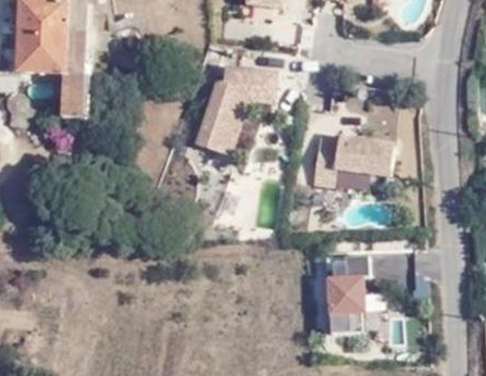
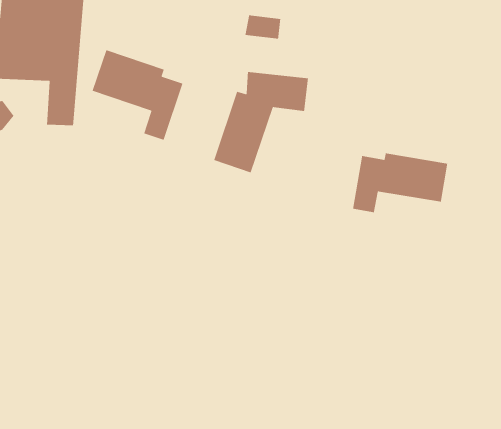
building: none -> [92,49,183,141]
building: [319,255,358,336] -> none

